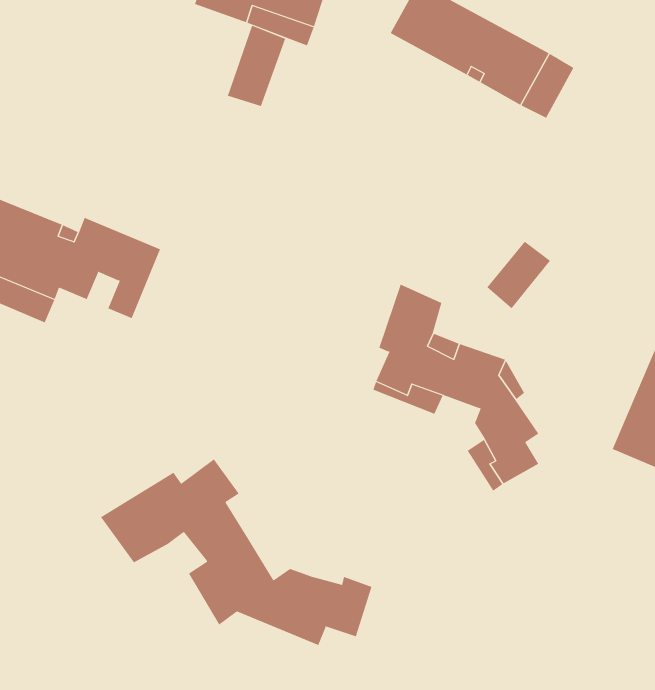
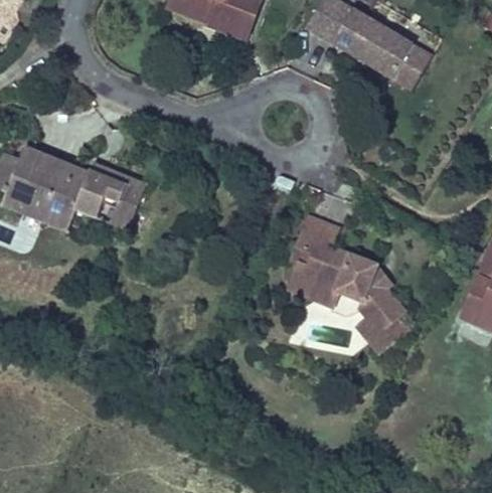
building: [227,25,286,107] -> none
building: [487,241,551,309] -> none
building: [100,459,372,646] -> none

